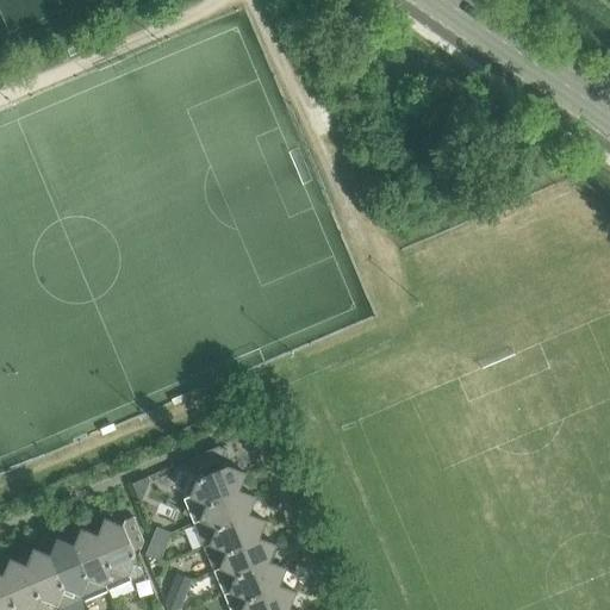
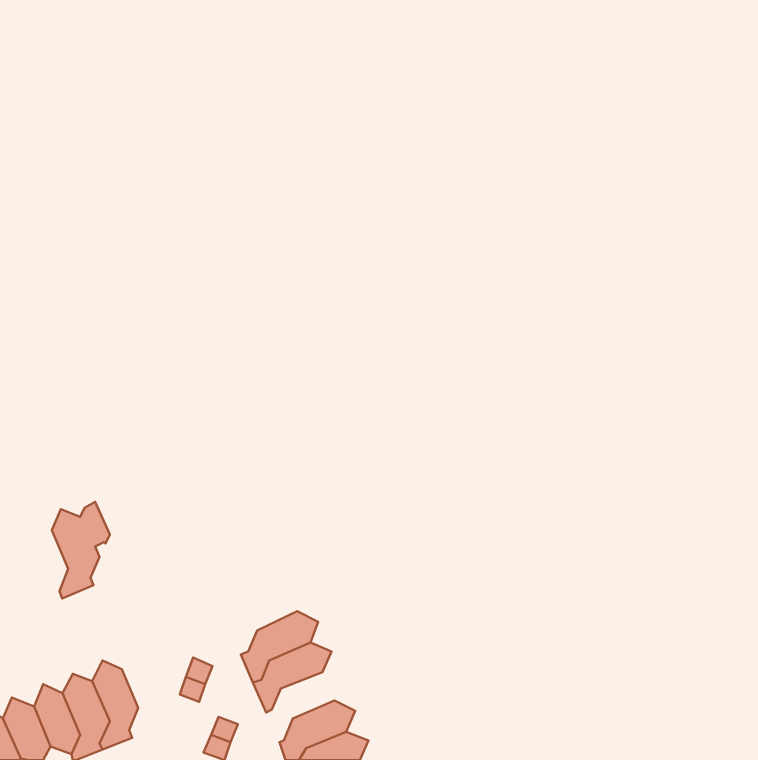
building: [182,447,244,524] -> none
building: [98,513,144,591] -> [52,502,110,599]
building: [213,539,275,595] -> none

